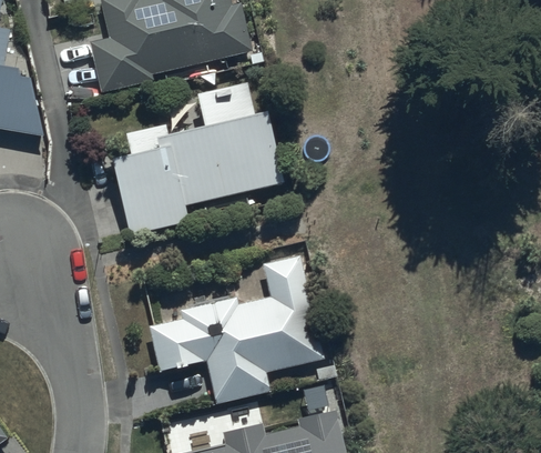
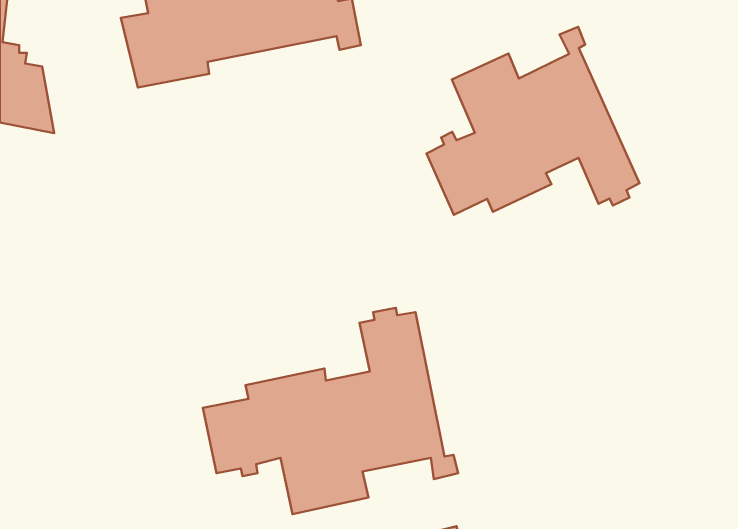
building: none -> [427,27,640,215]
building: [112,82,285,233] -> none

